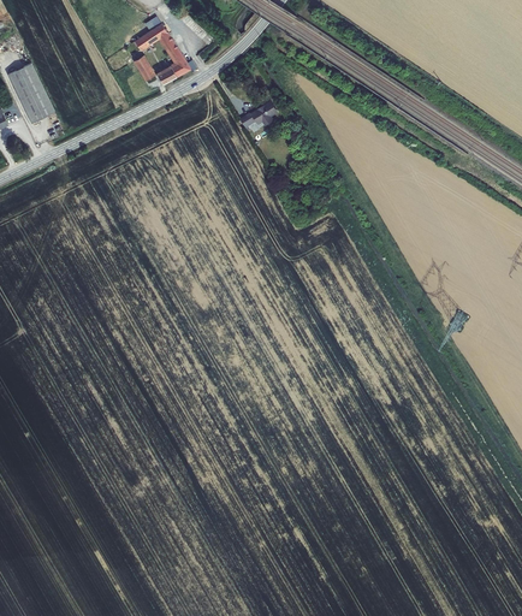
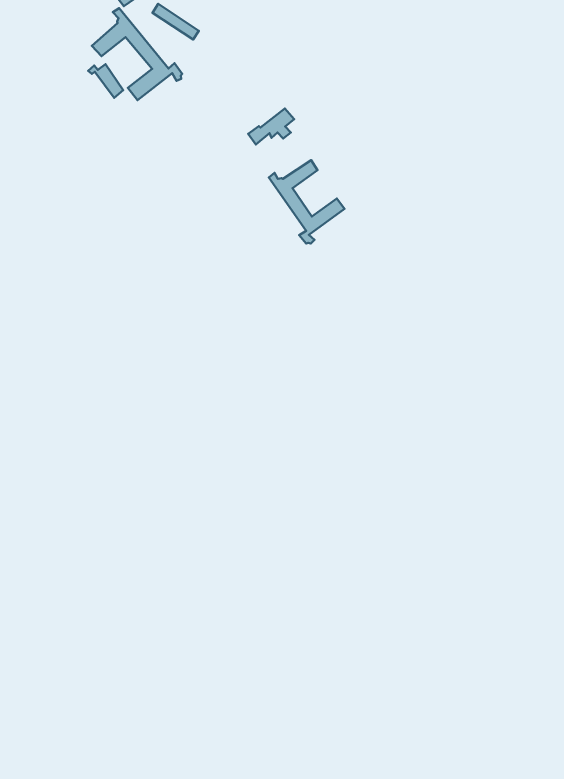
building: none -> [269,160,344,244]

